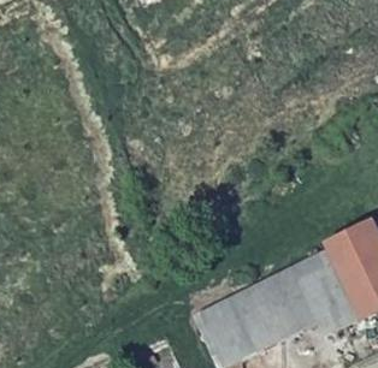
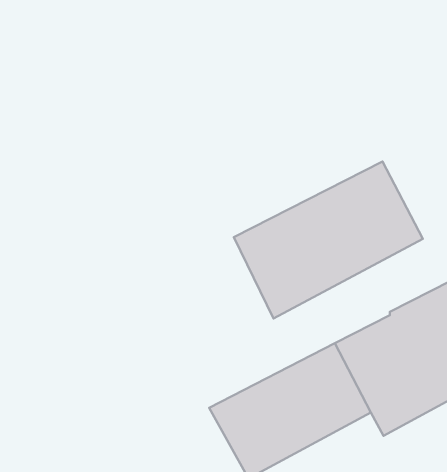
building: none -> [234,162,423,318]

